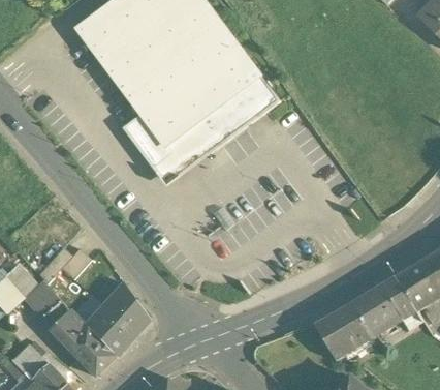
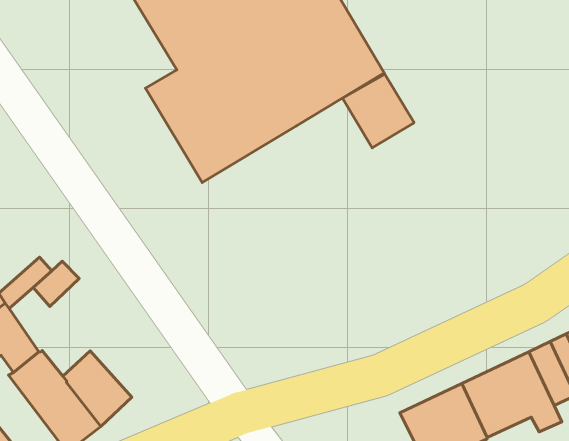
building: none -> [342,74,414,148]
building: [102,282,149,333] -> none

